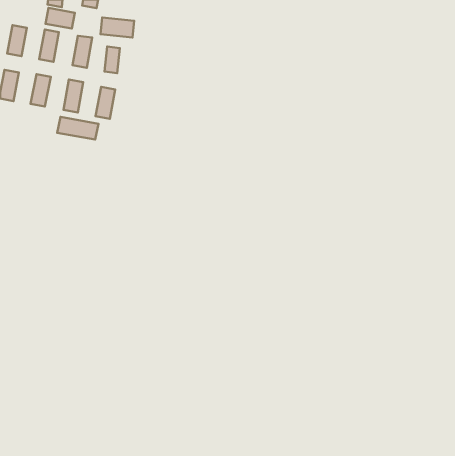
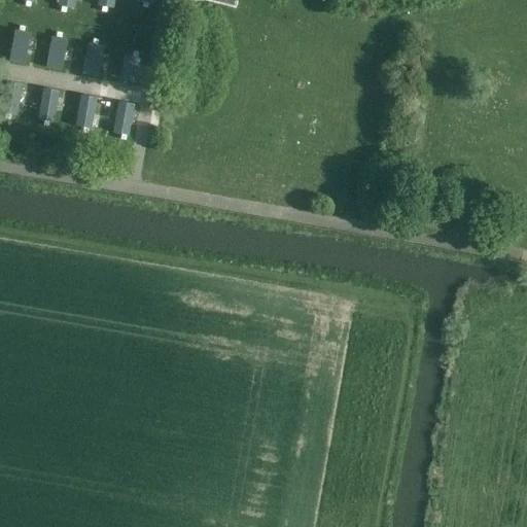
building: [46,8,75,29] -> none
building: [100,17,134,38] -> none
building: [57,117,98,140] -> none

